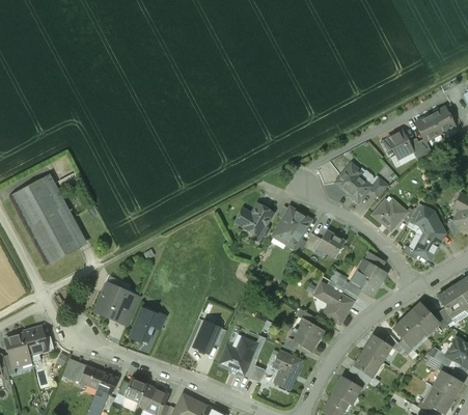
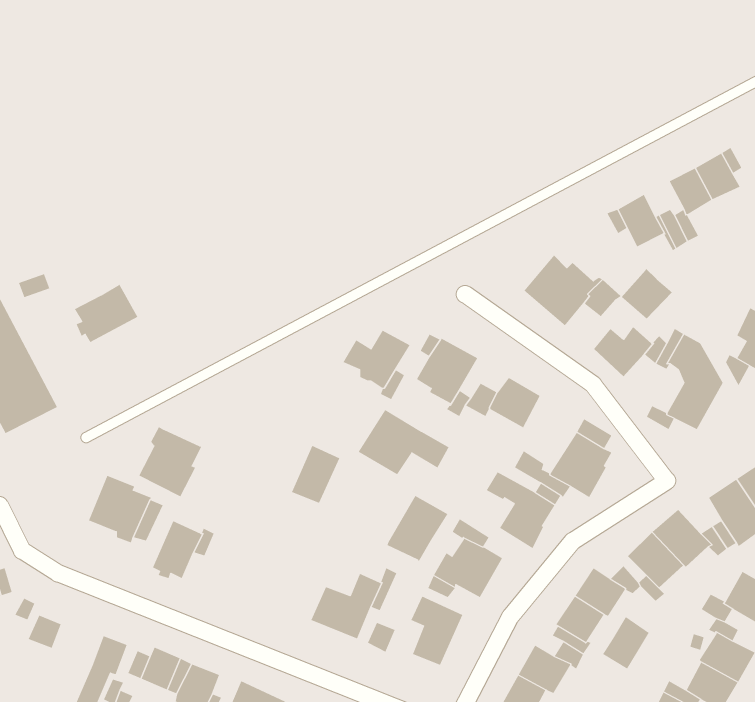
building: none -> [621,268,673,319]
building: none -> [74,283,138,343]
building: none -> [358,409,450,475]
building: none -> [139,426,202,497]
building: none -> [387,495,448,562]
building: [193,321,220,353] -> [291,445,340,503]
building: none -> [602,616,650,669]
building: [79,364,105,389] -> none

